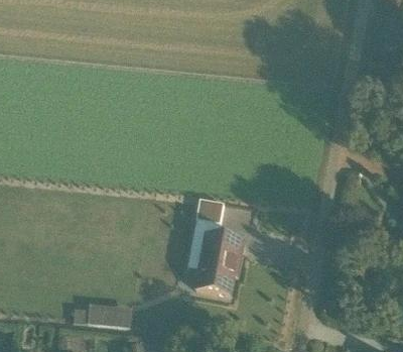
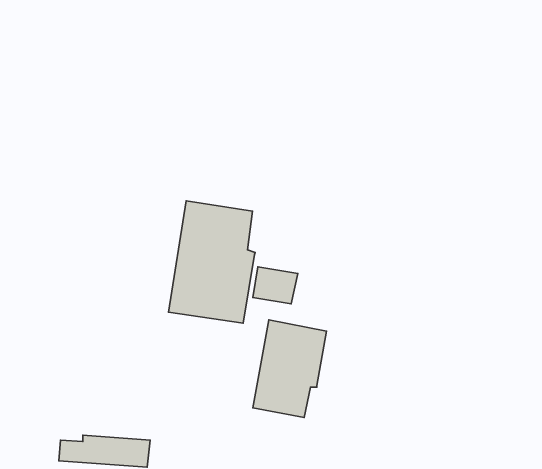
building: none -> [168,201,255,323]

